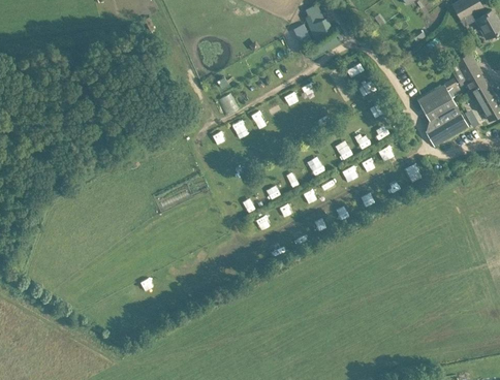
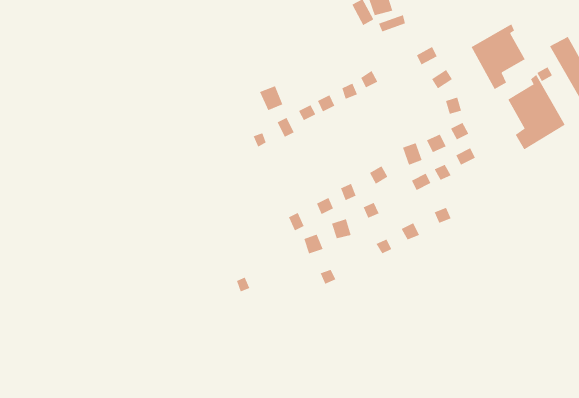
building: none -> [471,23,525,90]

